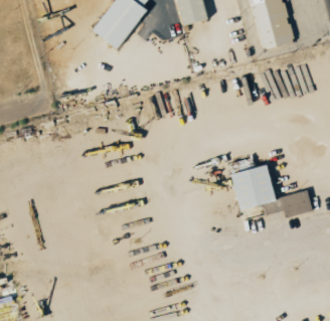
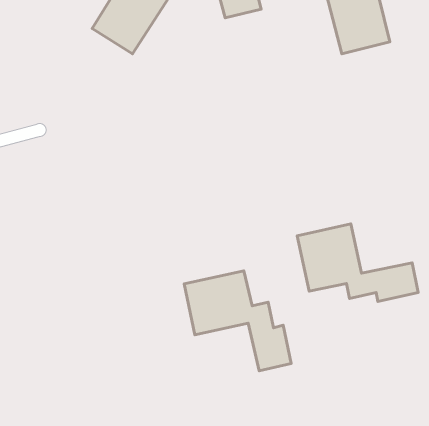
building: none -> [184,271,291,371]

